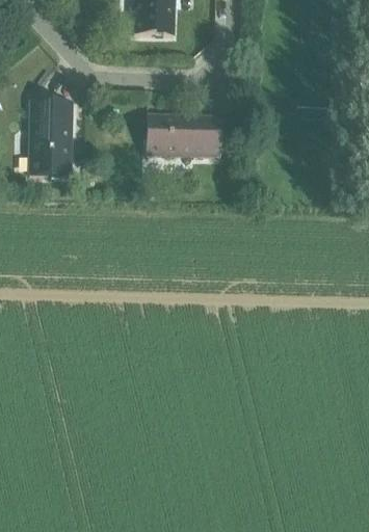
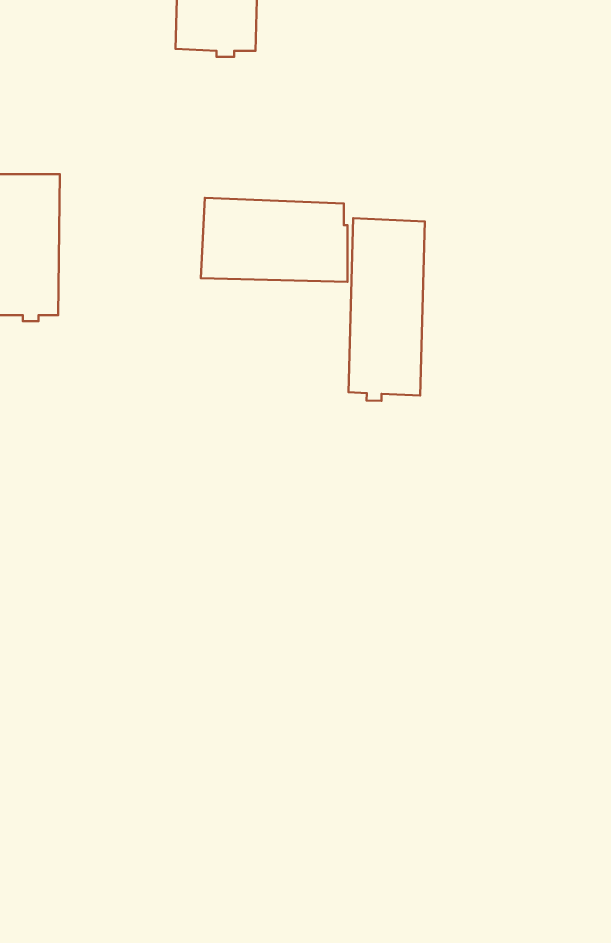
building: none -> [349,218,425,401]

